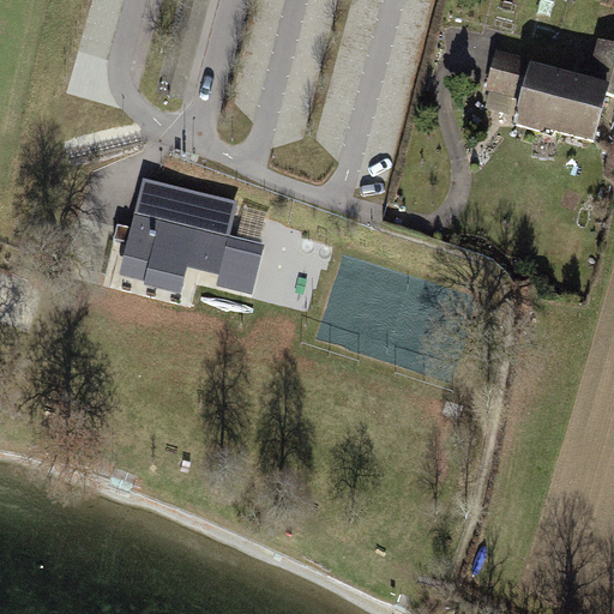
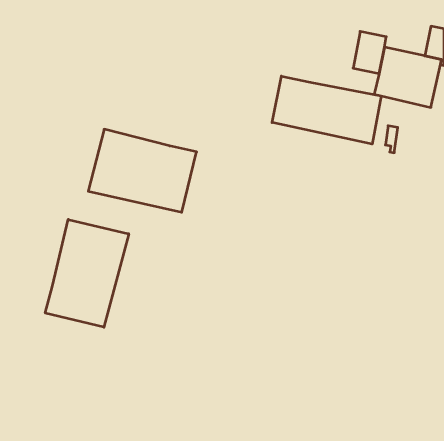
building: none -> [272,76,381,144]
building: none -> [45,219,129,327]

